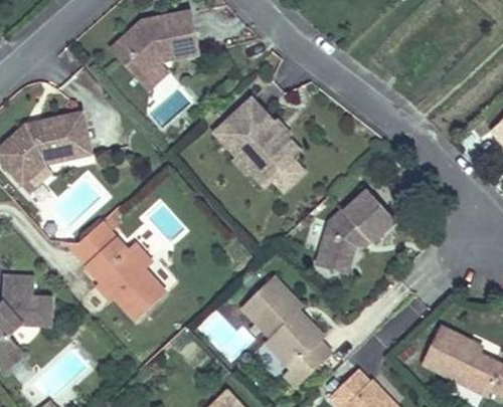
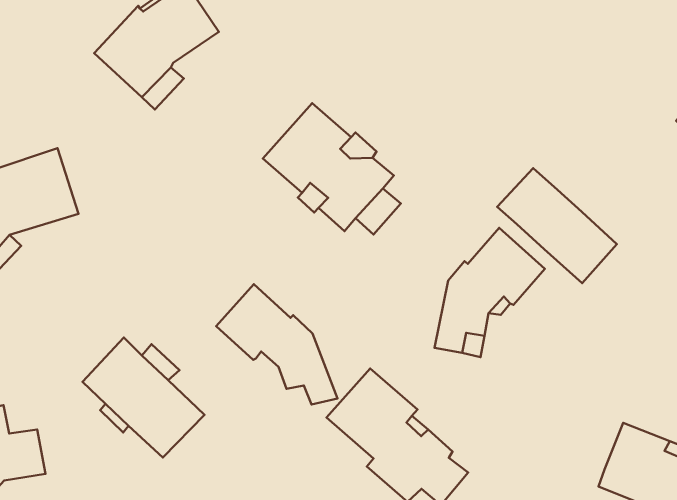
building: none -> [497,168,617,283]
building: none -> [216,284,337,405]
building: [58,224,112,266] -> none

